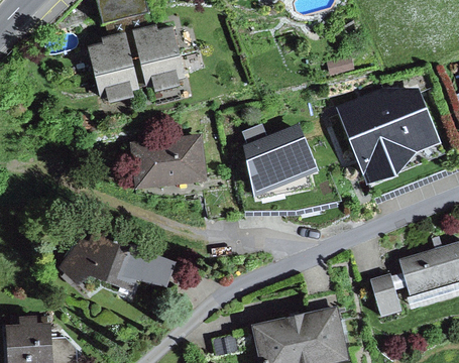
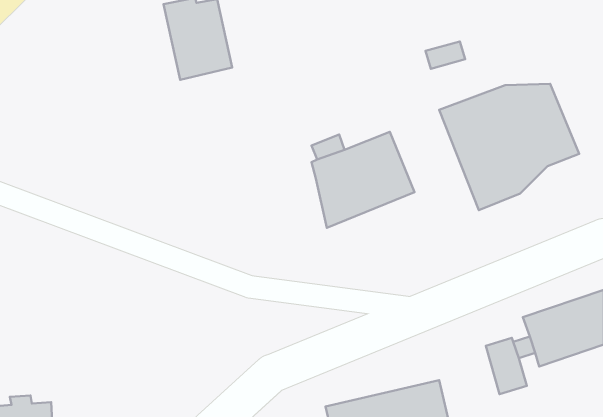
building: [88,31,139,98] -> none
building: [129,135,207,189] -> none
building: [59,229,177,290] -> none

